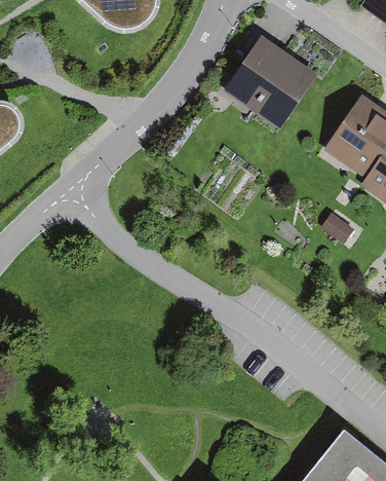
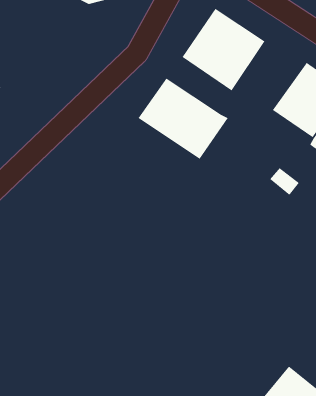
building: none -> [138,78,229,160]

